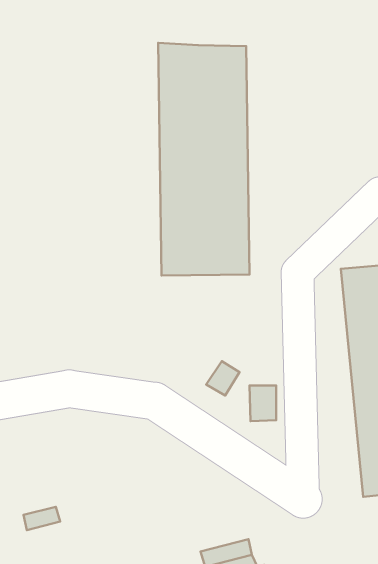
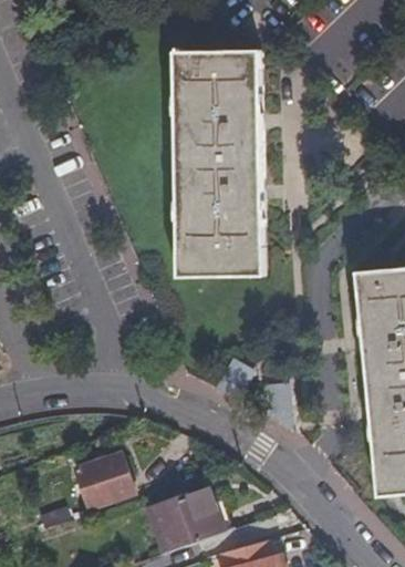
building: none -> [75,454,132,511]
building: none -> [141,489,215,554]

